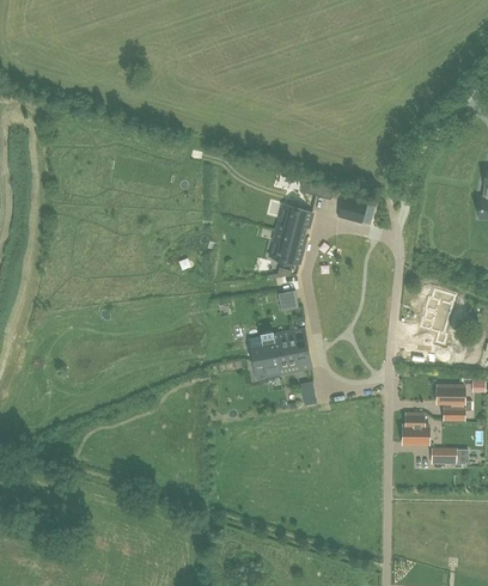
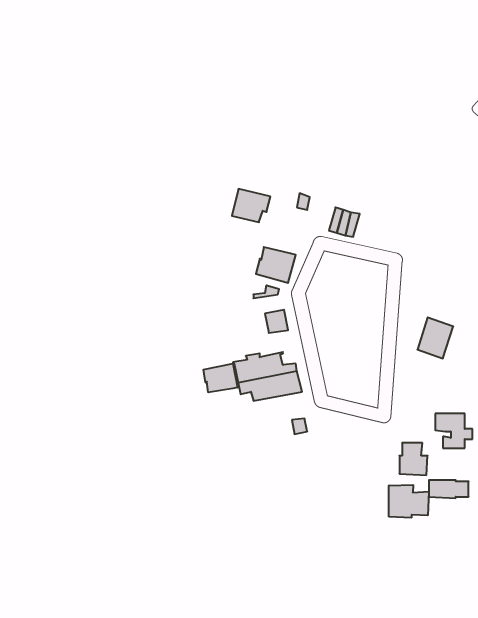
building: [276,206,312,237] -> [232,189,270,222]
building: none -> [203,364,238,392]
building: none -> [389,485,429,518]

